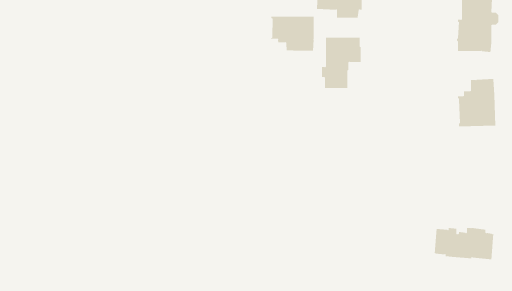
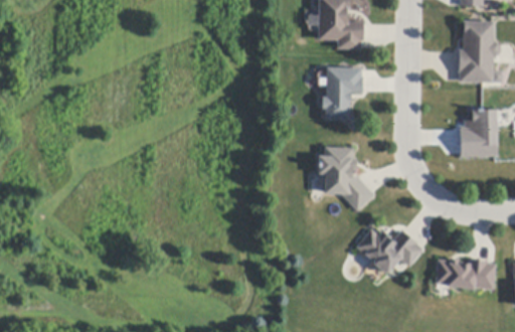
building: [271,16,314,51] -> none
building: none -> [317,147,373,210]
building: none -> [356,228,422,273]

